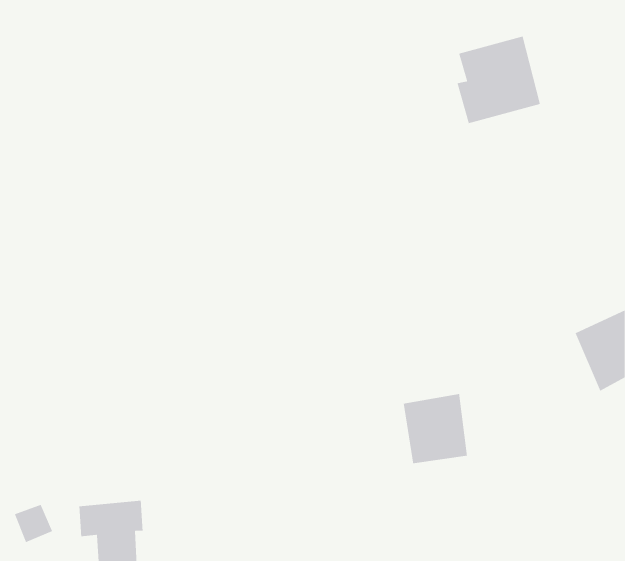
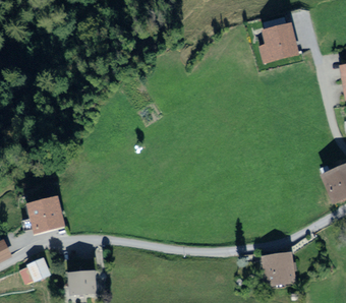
building: none -> [31,203,60,231]
building: [403,393,468,464] -> [262,250,295,287]

